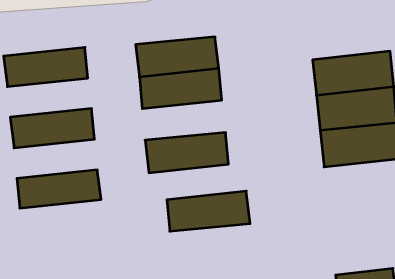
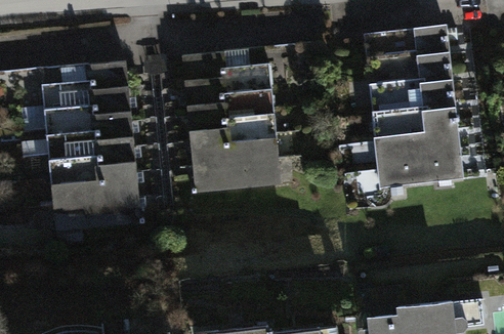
building: none -> [366,29,453,76]
building: none -> [43,95,133,137]
building: none -> [50,161,139,203]
building: [167,191,250,231] -> [187,119,277,162]

